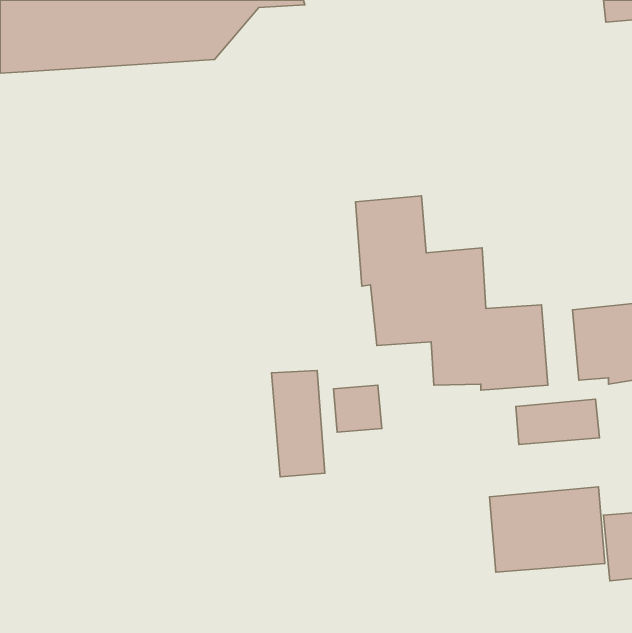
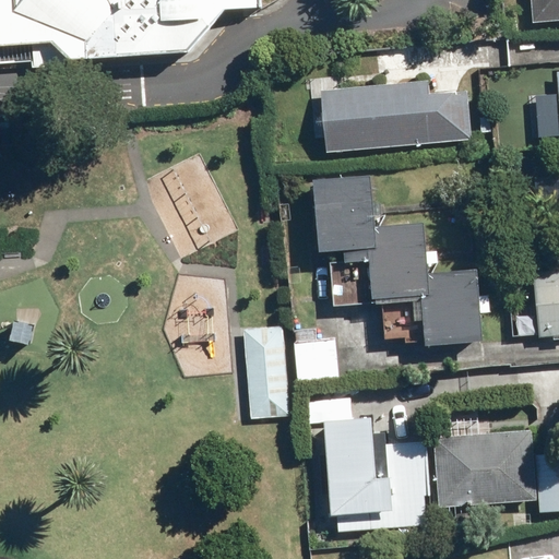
building: none -> [320,78,472,153]
building: [516,399,600,444] -> none
building: none -> [325,417,425,530]

